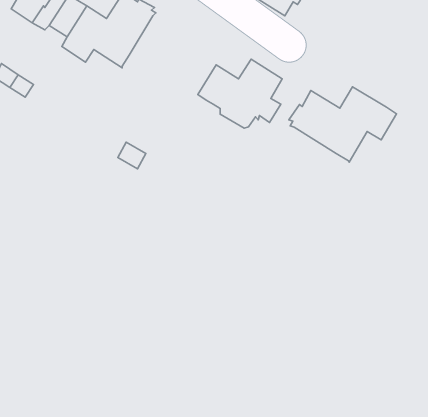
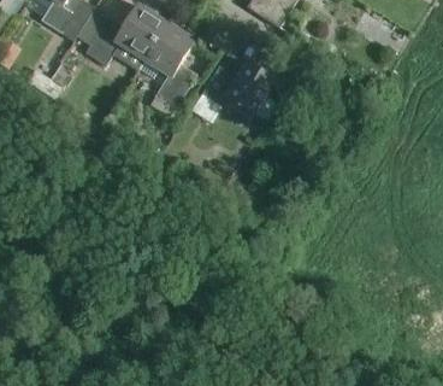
building: none -> [136,22,196,107]
building: [289,87,397,162] -> none

